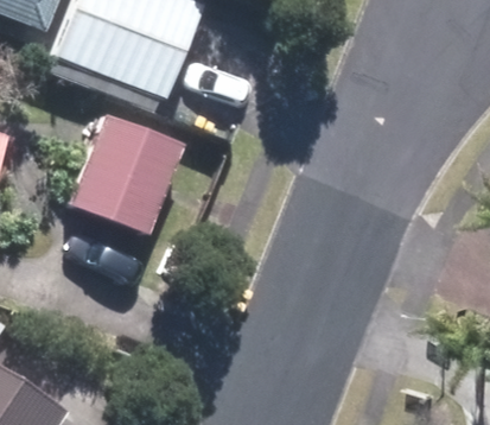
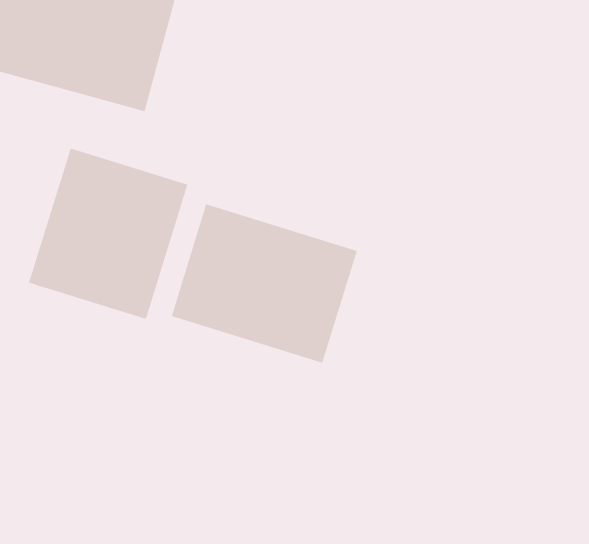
building: none -> [171,203,358,363]

